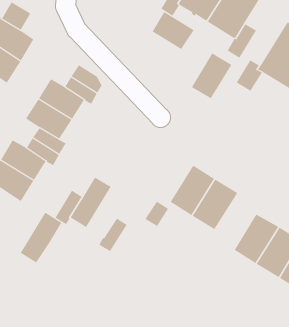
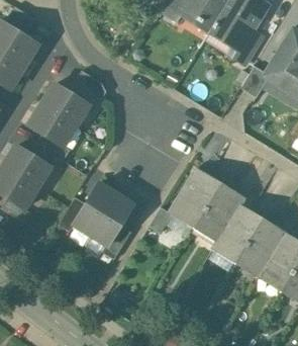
building: [152,11,195,50] -> none
building: [191,53,232,99] -> none
building: none -> [215,206,261,257]
building: [20,212,62,263] -> [90,193,132,245]

